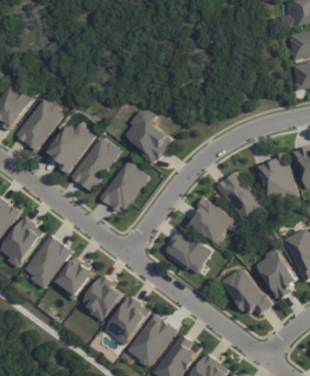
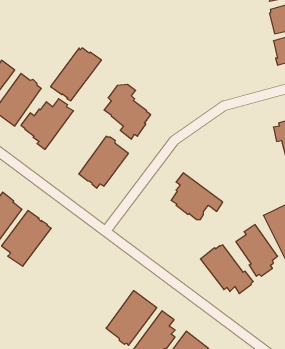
building: [71,138,121,191] -> [51,48,101,101]
building: [255,152,299,201] -> none
building: [217,170,269,226] -> none
building: [168,230,213,273] -> none
building: [57,256,94,301] -> none
building: [81,274,122,321] -> none
building: [105,295,149,345] -> none

